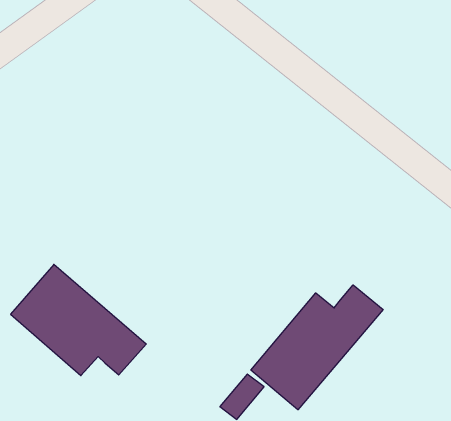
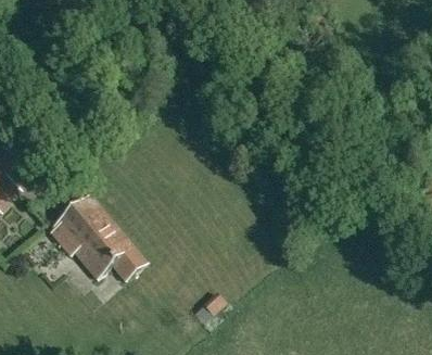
building: [251,285,383,410] -> none

